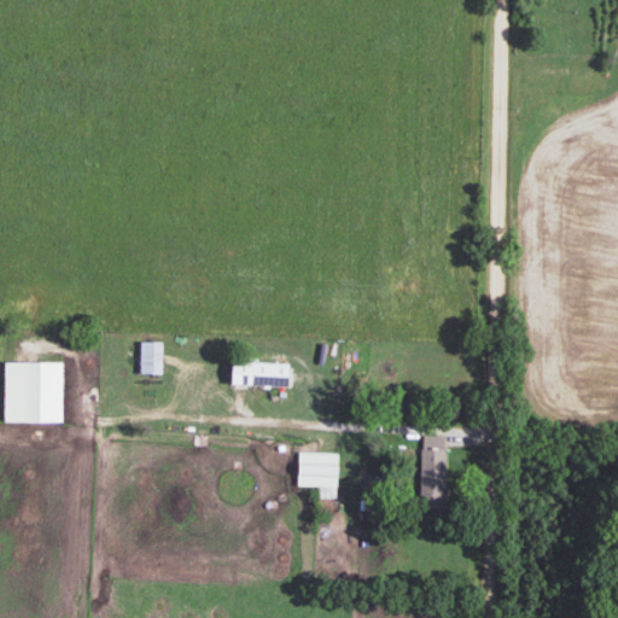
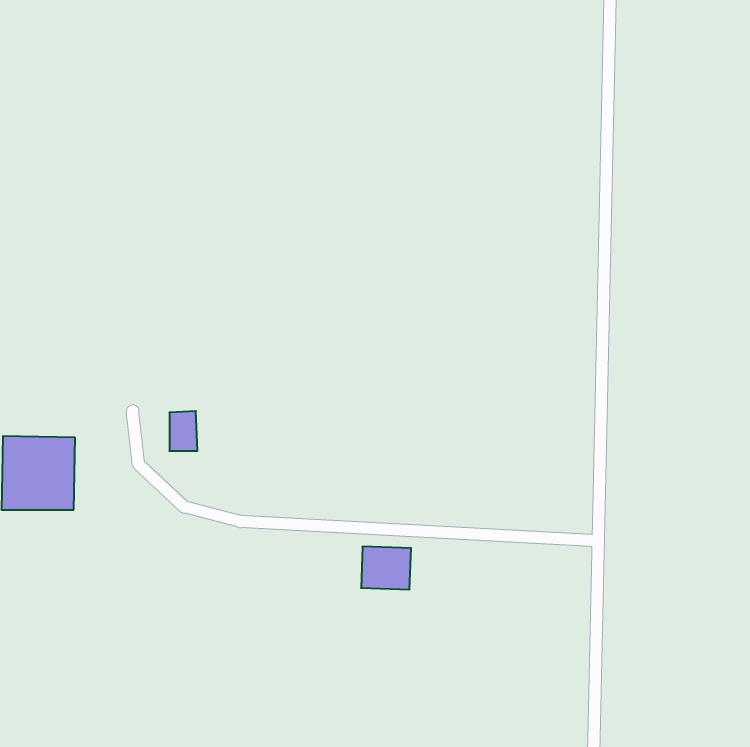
building: [232,362,290,387] -> none
building: [421,437,447,508] -> none

